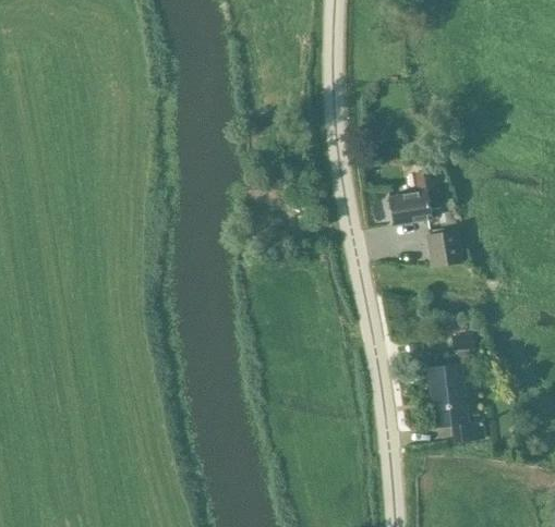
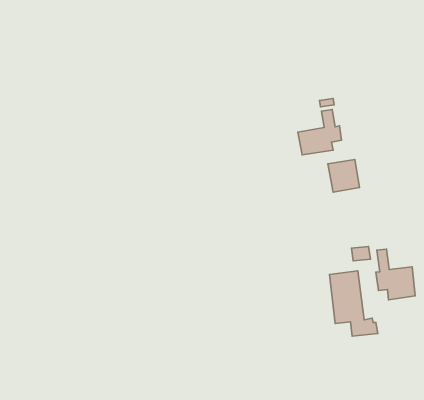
building: none -> [376,249,415,300]

